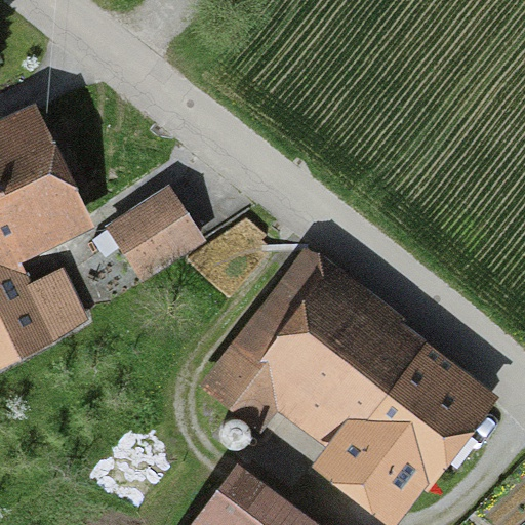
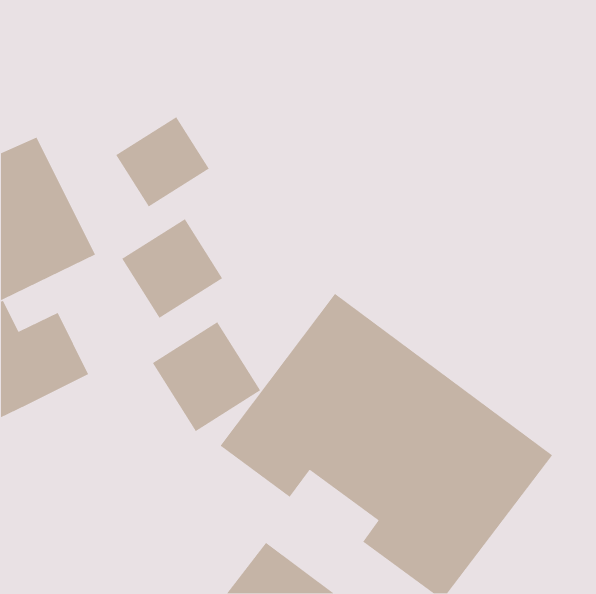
building: none -> [115,116,210,207]
building: none -> [152,321,261,432]

